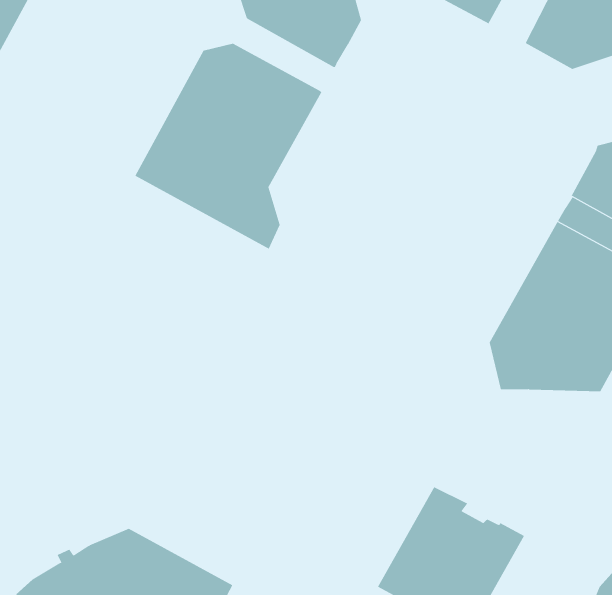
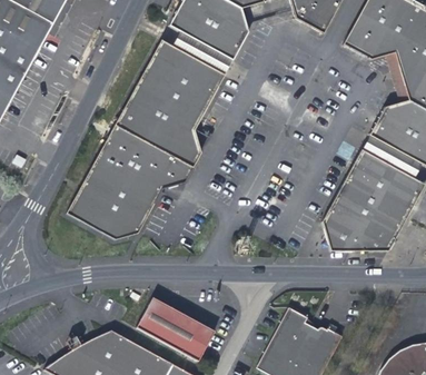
building: none -> [171,31,230,73]
building: none -> [65,124,192,239]
building: none -> [136,297,214,362]

